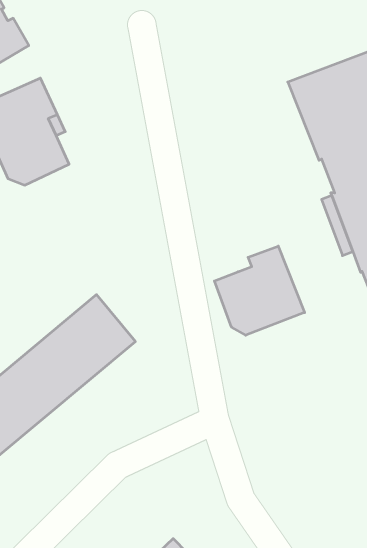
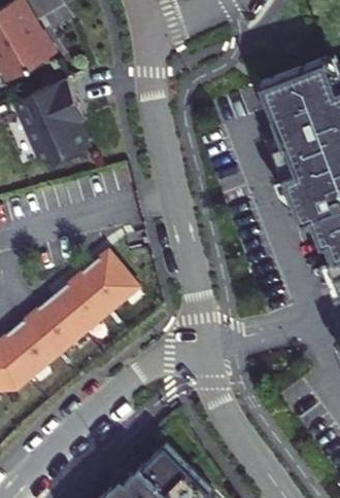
building: [214,246,305,335] -> none

